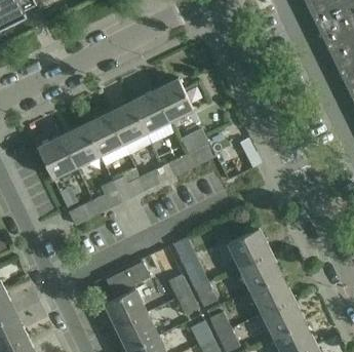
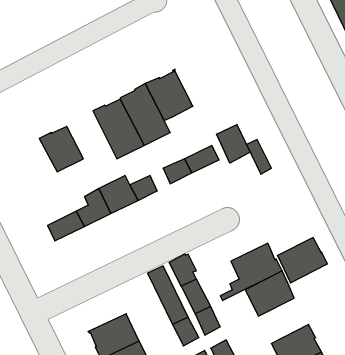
building: [85,114,123,155] -> none
building: none -> [217,124,250,163]
building: [38,138,77,179] -> none
building: [106,262,151,296] -> none
building: [250,275,293,314] -> [277,238,327,283]

